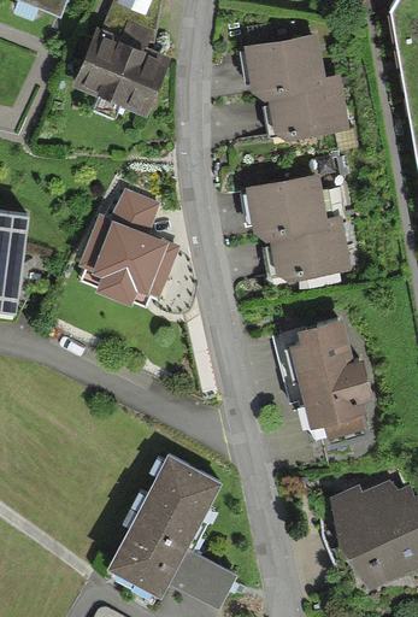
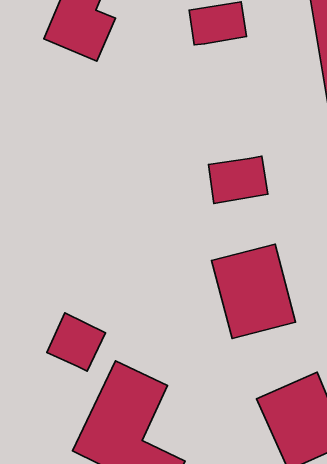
building: [267,76,342,133] -> none
building: [251,178,320,231] -> none
building: [76,193,176,311] -> none
building: none -> [47,313,105,371]

